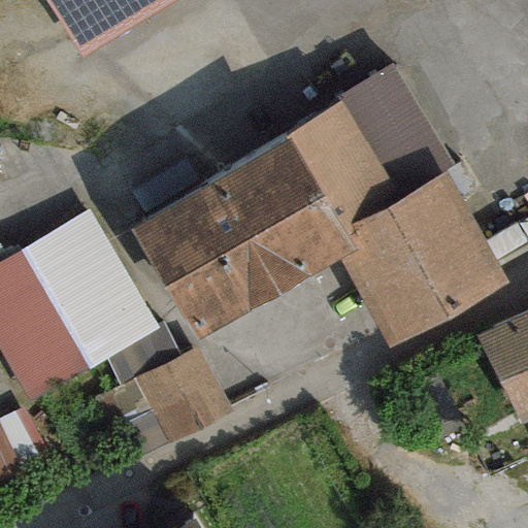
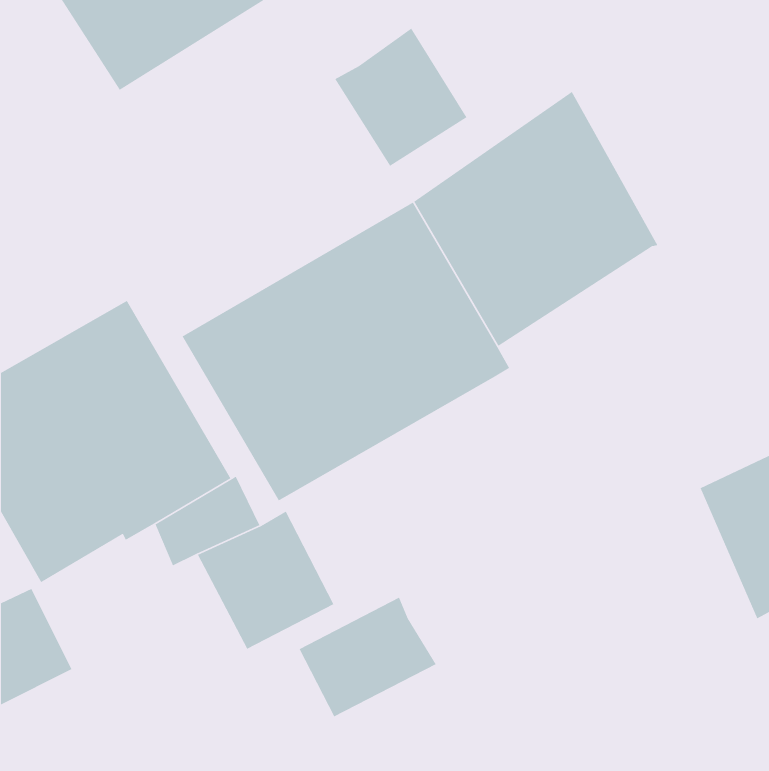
building: none -> [334,28,468,167]
building: [340,168,507,346] -> none
building: none -> [298,597,437,717]

